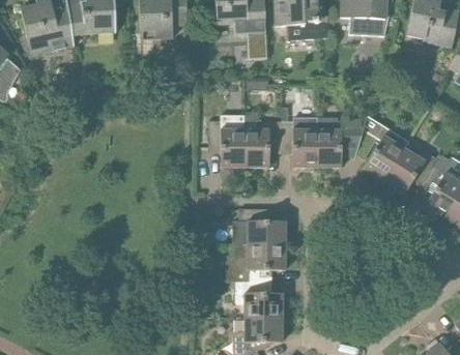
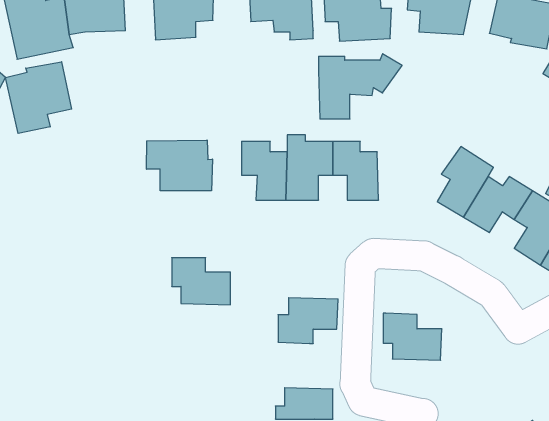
building: none -> [5,62,72,133]
building: [317,115,383,167] -> [319,54,402,119]
building: none -> [147,140,212,191]
building: [239,208,286,245] -> [172,258,230,305]
building: [236,279,283,317] -> [383,313,442,360]

